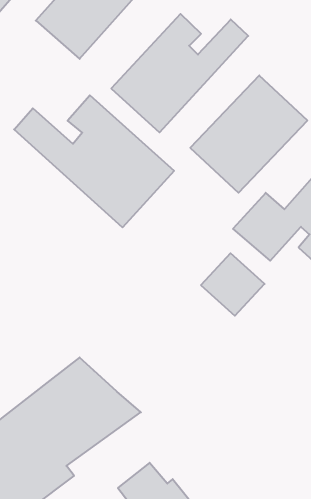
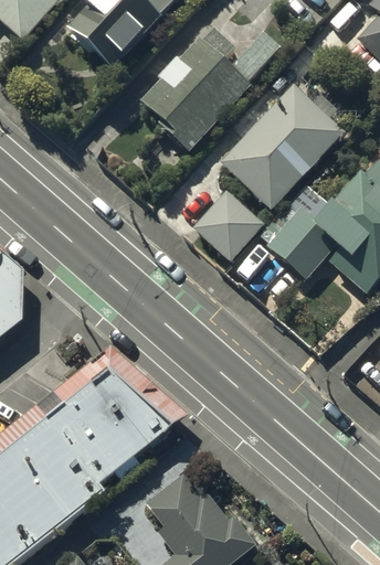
building: [14,95,174,227] -> none
building: [201,253,265,316] -> [196,194,260,257]

